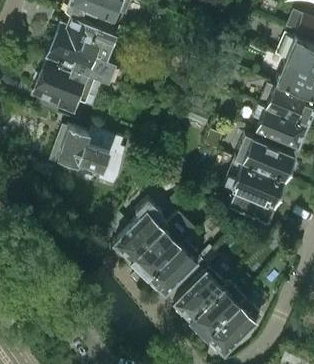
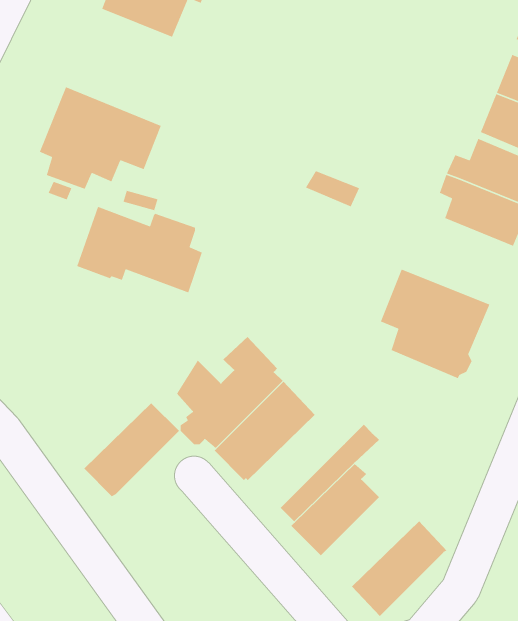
building: [45,17,114,85] -> none
building: [233,137,293,182] -> none
building: [147,244,201,297] -> [83,402,180,497]
building: [188,285,243,340] -> none

